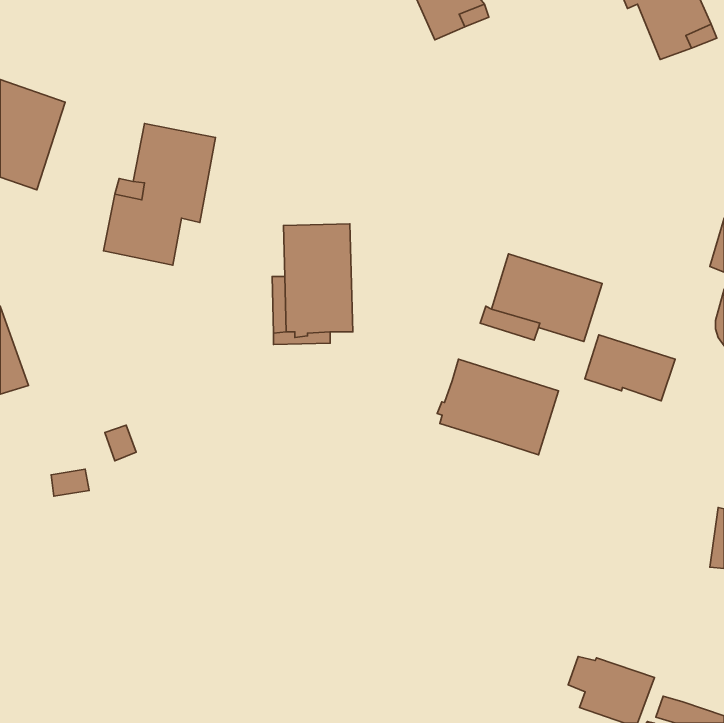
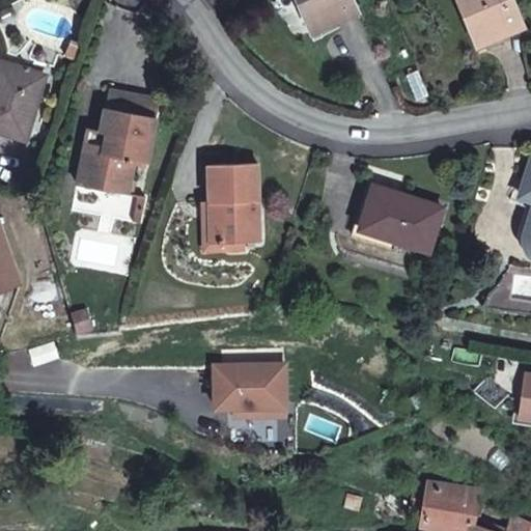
building: [585,335,675,401] -> none
building: [437,359,558,455] -> none
building: none -> [213,366,283,417]

